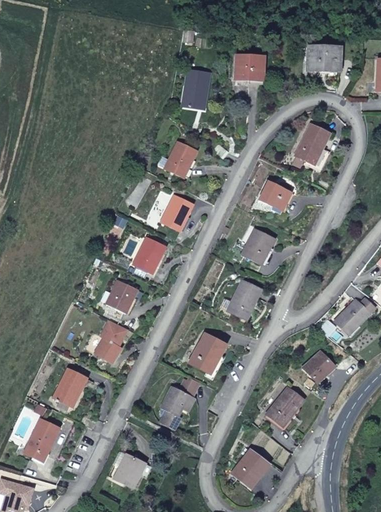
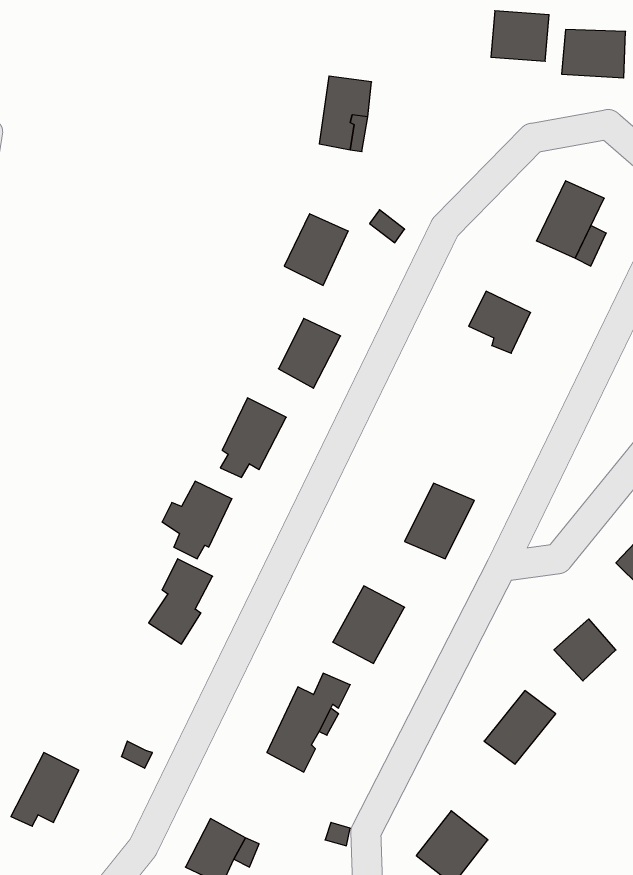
building: [234,55,264,81] -> [491,11,549,61]
building: [241,228,274,263] -> none
building: [53,369,86,411] -> none

